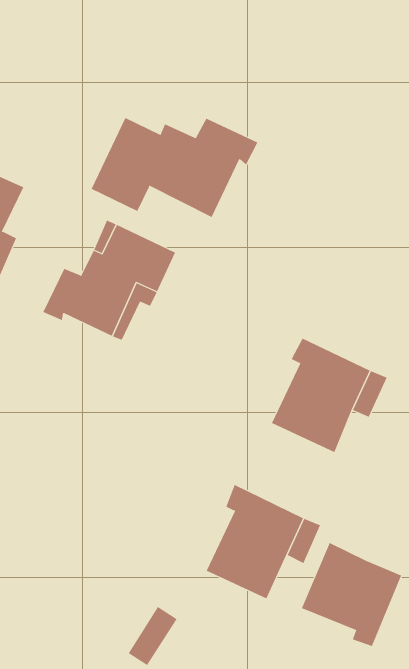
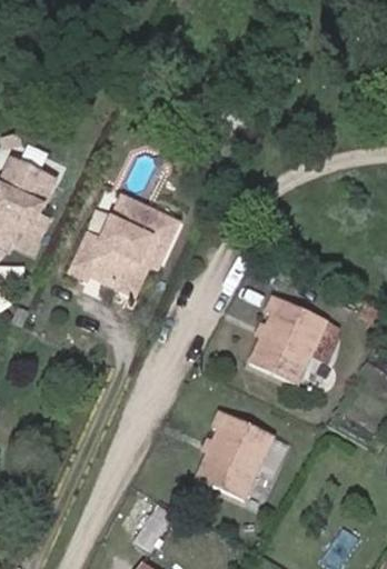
building: [91,117,258,218] -> none
building: [301,542,402,647] -> none

